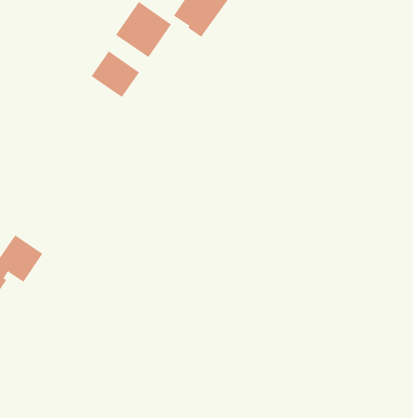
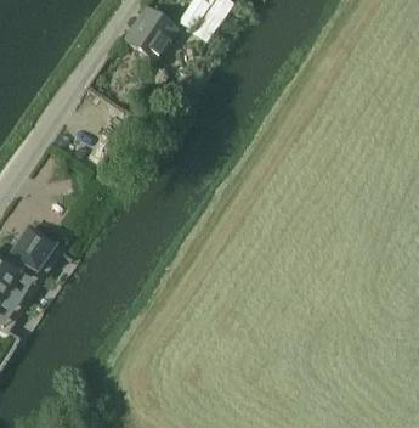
building: [91,51,140,98] -> none

